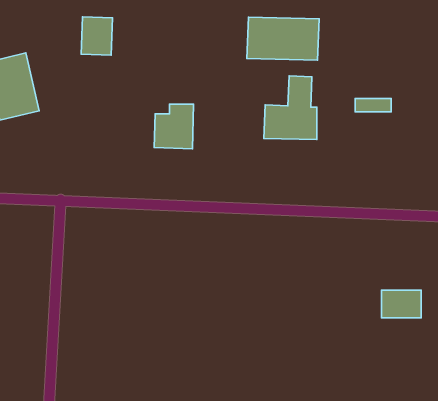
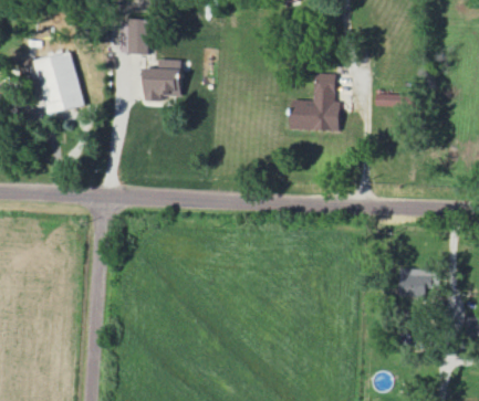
building: [247,17,319,60] -> none
building: [154,104,194,149] -> [143,60,179,101]

